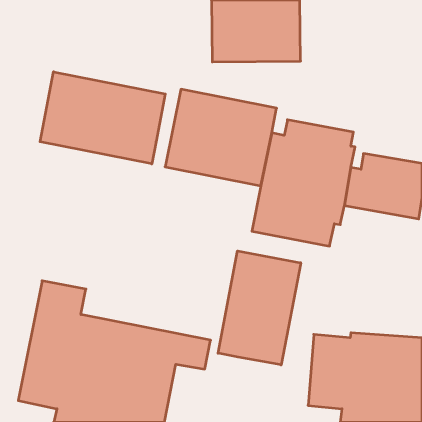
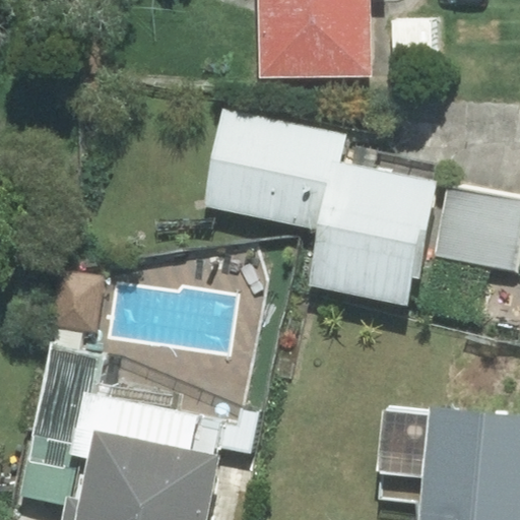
building: [40,72,165,164] -> none
building: [218,251,301,365] -> none

